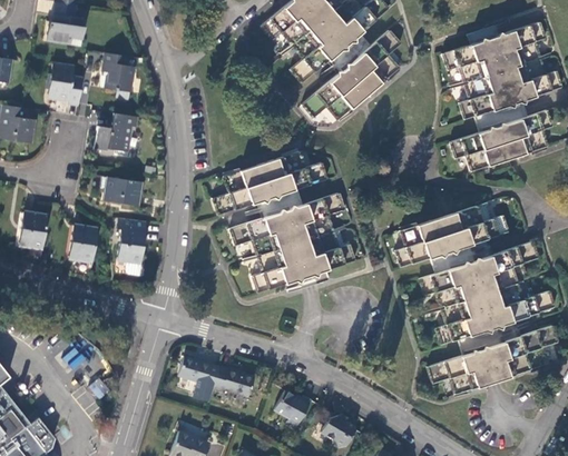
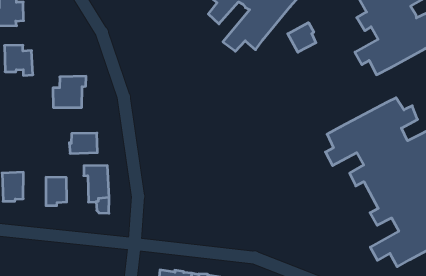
building: [101,51,134,92] -> none
building: none -> [288,23,316,52]
building: [212,151,353,293] -> none

